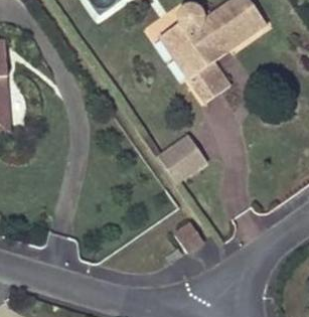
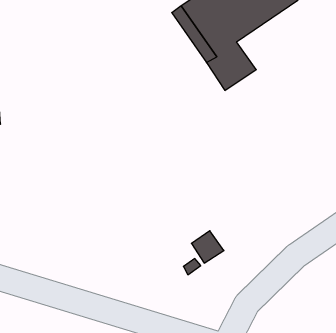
building: [157,135,206,184] -> none

